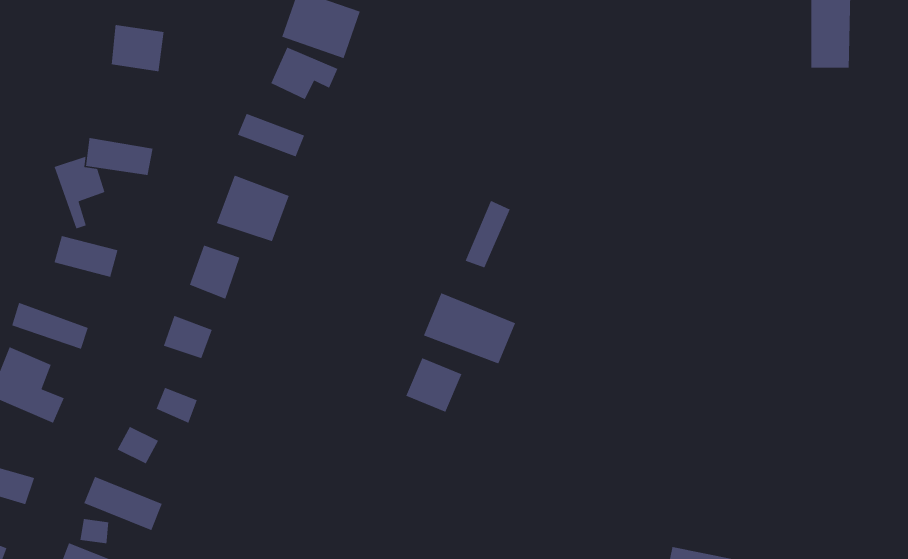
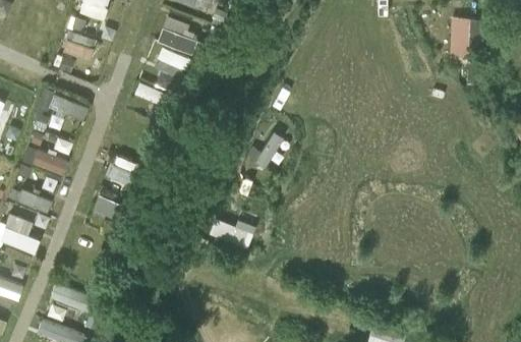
building: [216,174,290,242] -> none
building: [423,292,516,365] -> none

